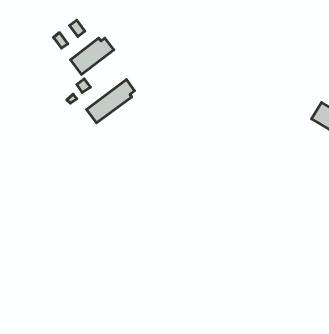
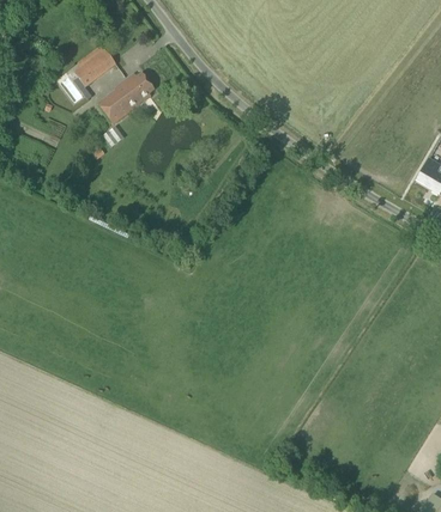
building: [87,80,134,123] -> none

